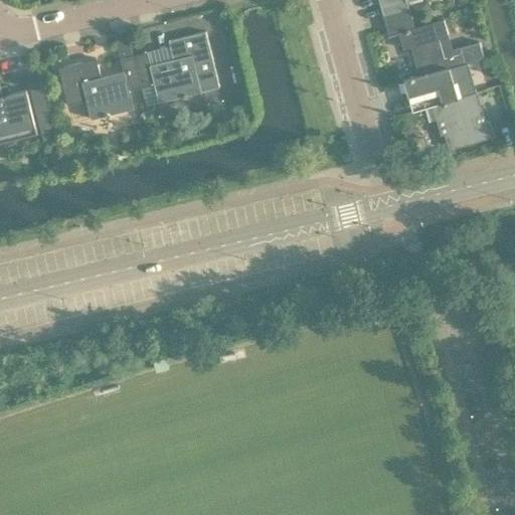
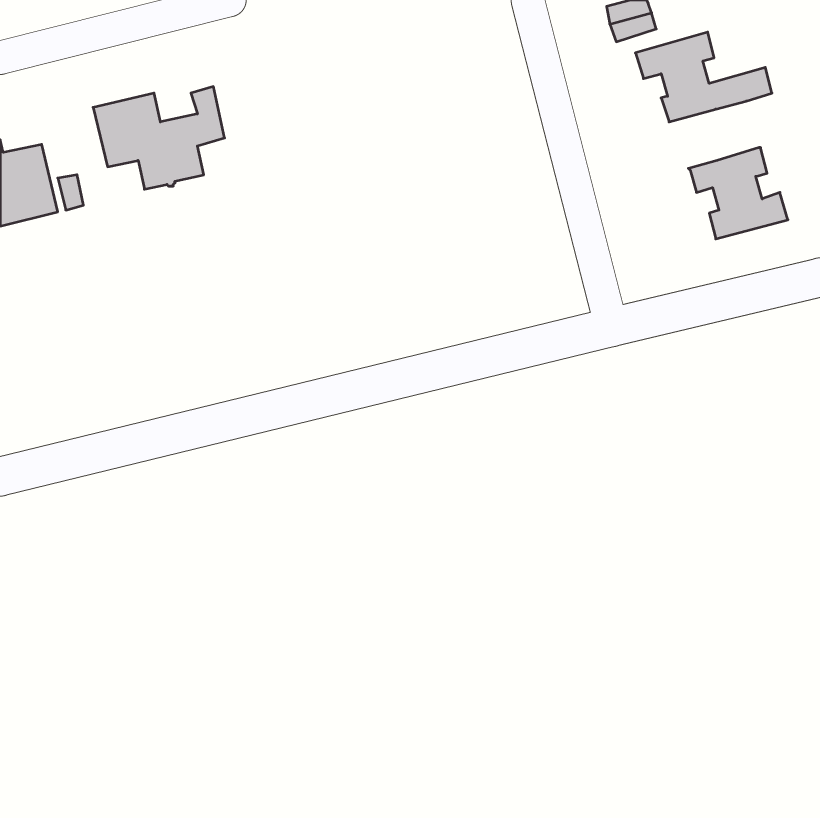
building: [134,32,219,106] -> none
building: [403,64,476,111] -> none

